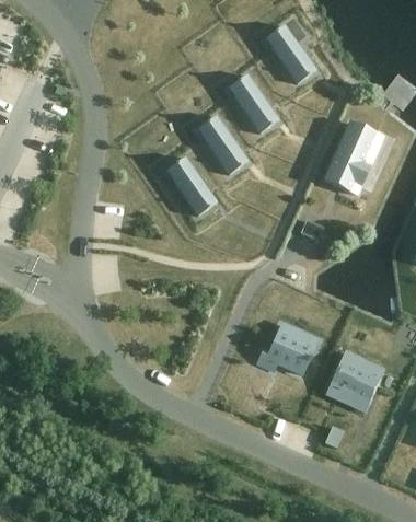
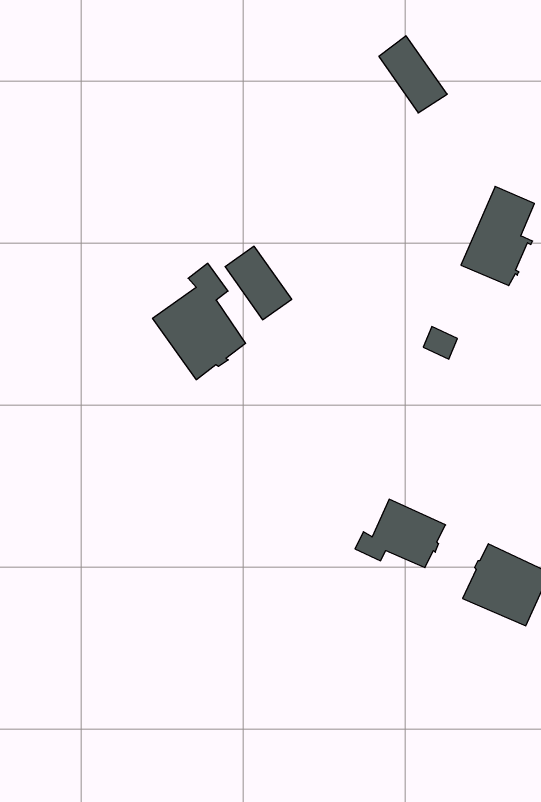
building: [235,83,278,130] -> none
building: [205,124,247,171] -> none
building: none -> [153,263,246,380]

